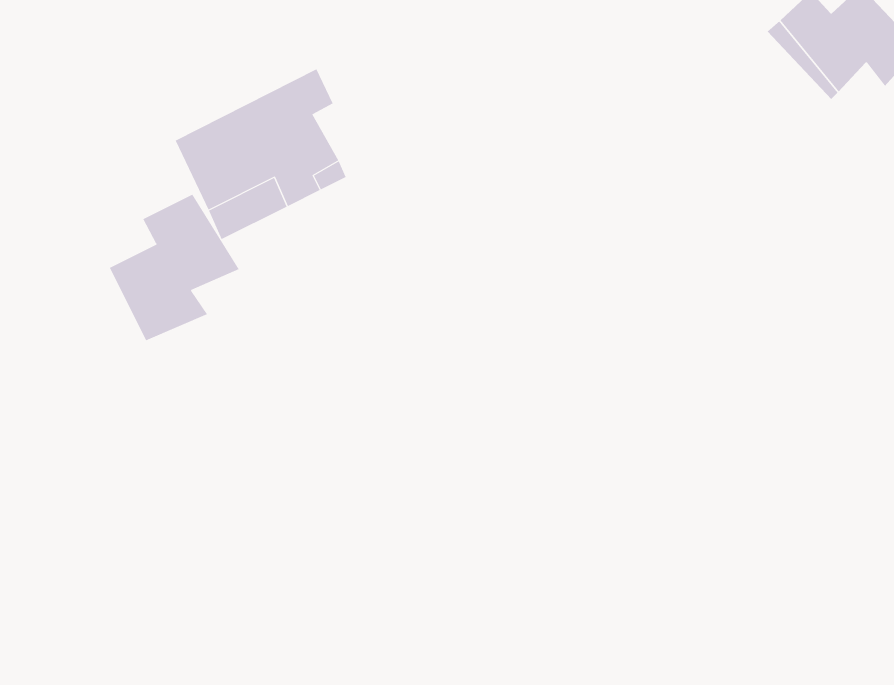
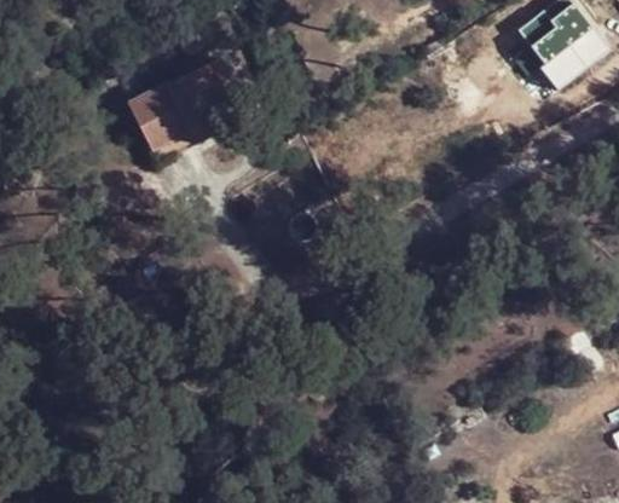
building: [109,194,239,341] -> none

